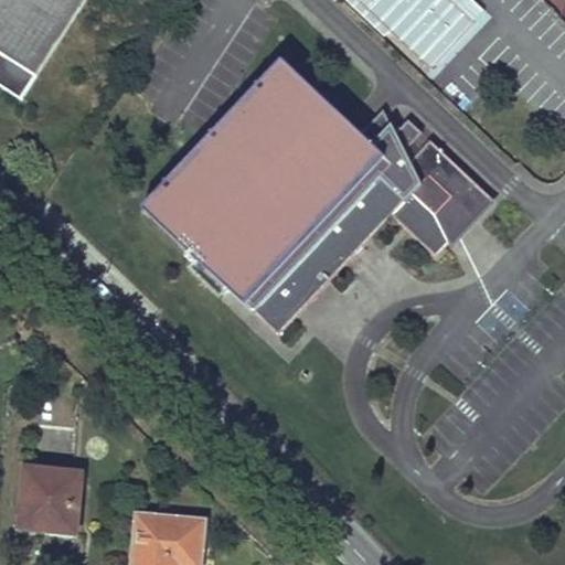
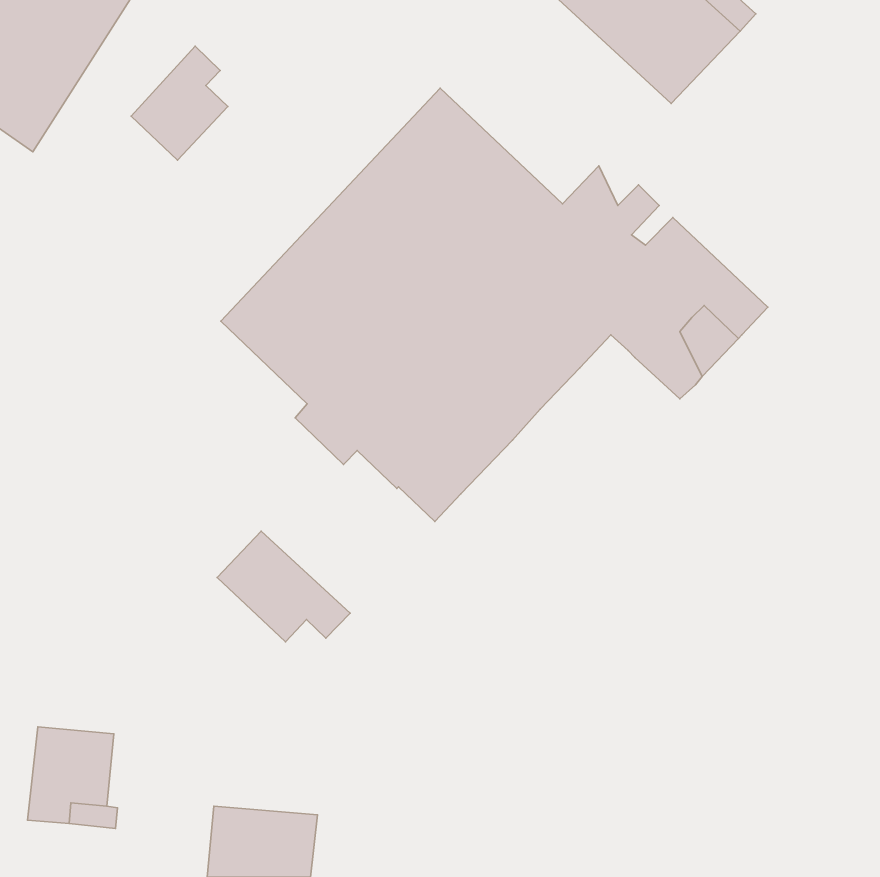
building: none -> [131,46,228,160]
building: none -> [217,531,350,642]

